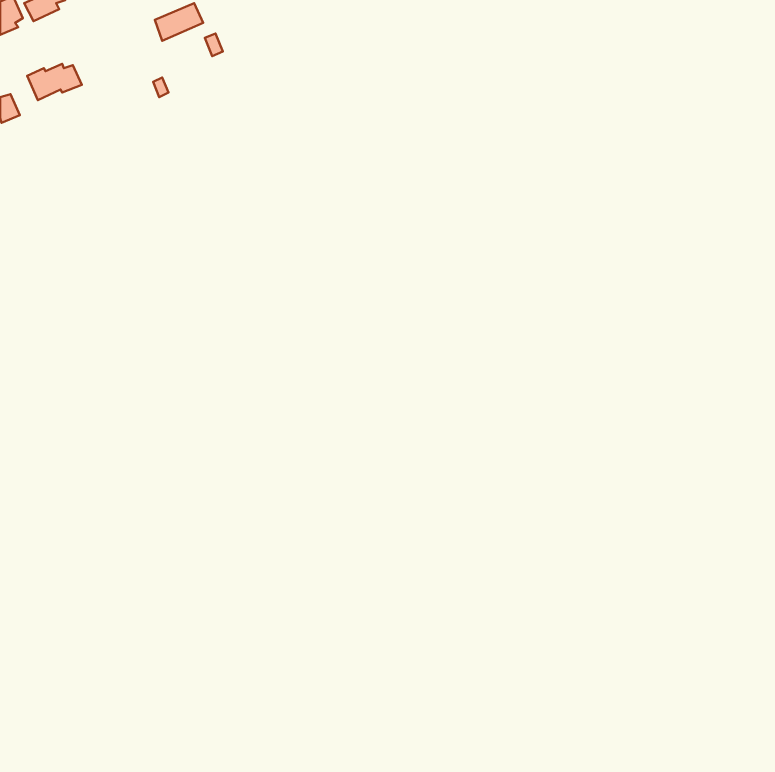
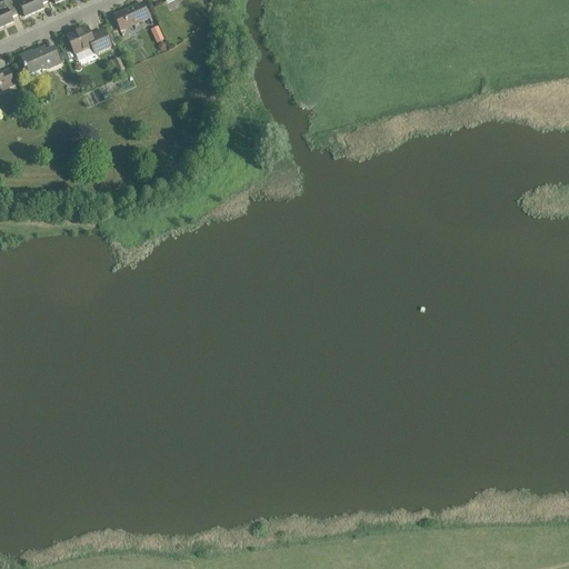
building: none -> [67,27,110,53]

